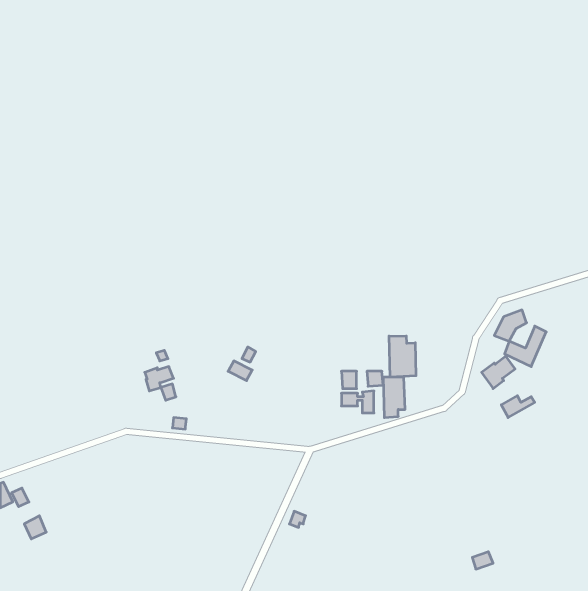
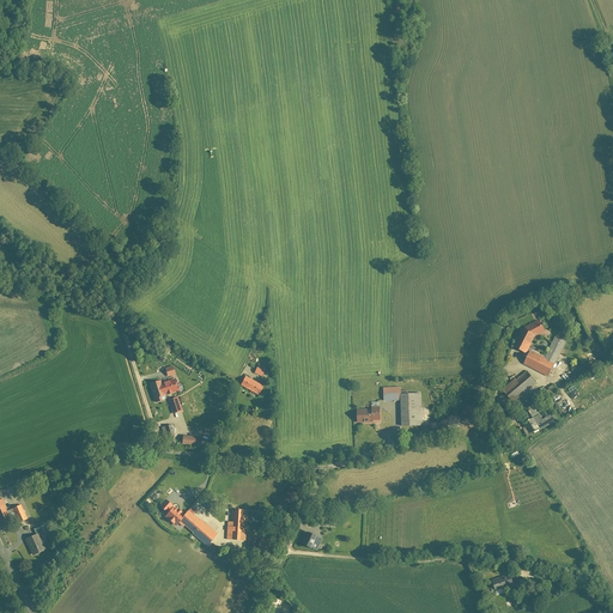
building: [389,336,416,377] -> none
building: none -> [159,494,218,545]
building: none -> [226,506,247,538]

